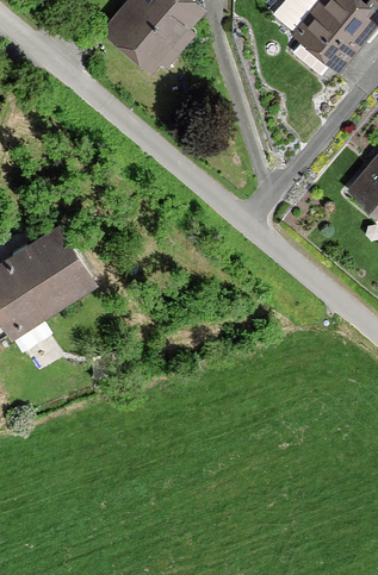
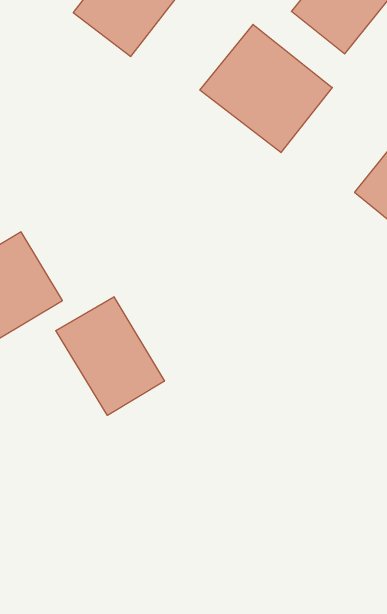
building: none -> [200,24,332,153]
building: none -> [56,297,164,415]

